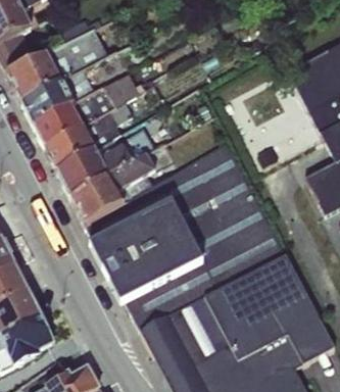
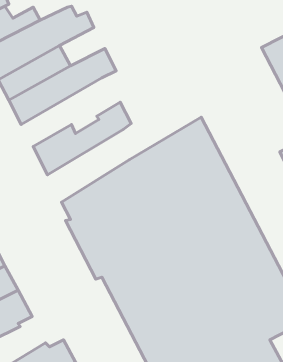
building: [45,101,135,170] -> none
building: [71,153,158,227] -> none

